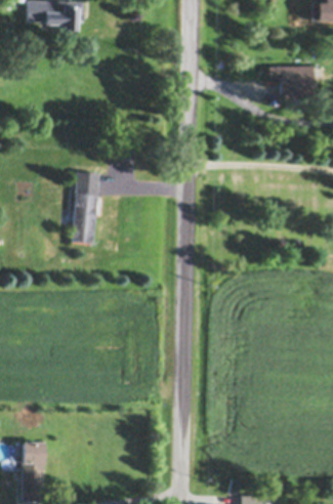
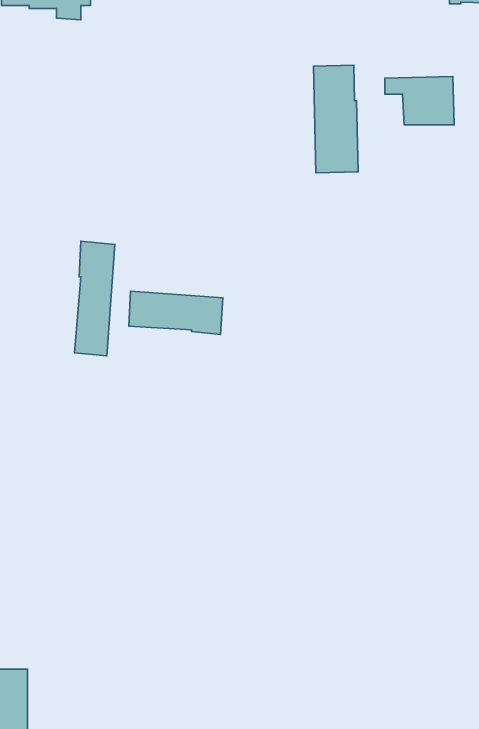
building: none -> [313,65,358,173]
building: none -> [129,291,223,335]

